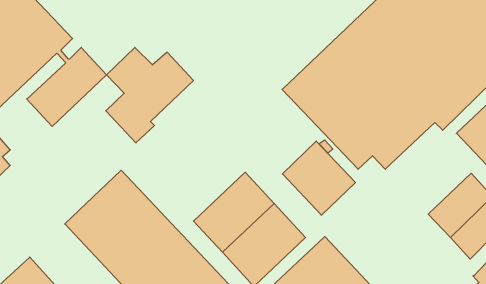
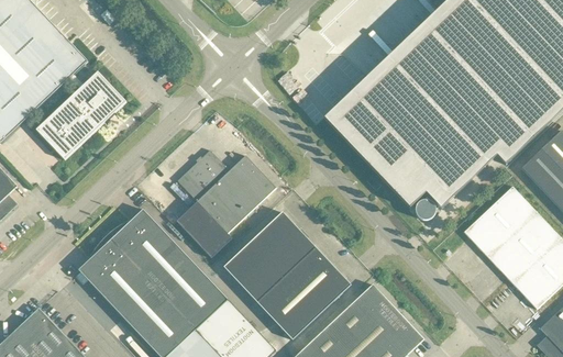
building: [106,47,193,143] -> [177,150,276,258]
building: [282,141,355,215] -> none
building: none -> [464,187,538,259]

